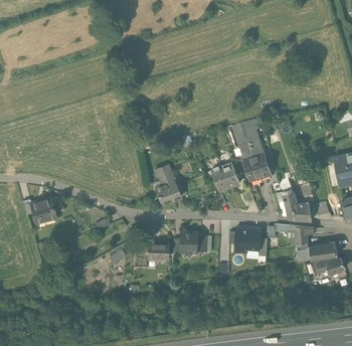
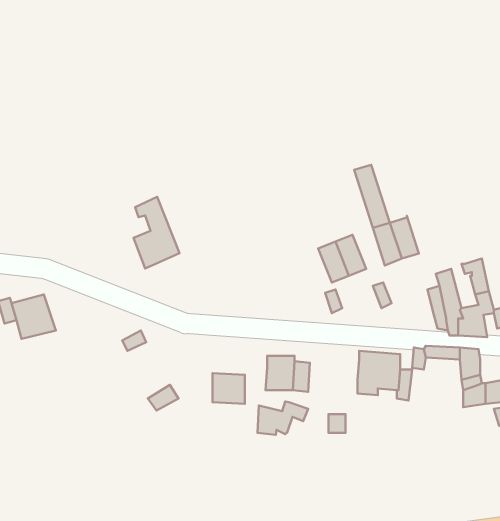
building: [242,115,263,155] -> none
building: [154,163,181,205] -> [133,197,179,268]
building: none -> [258,402,308,435]

